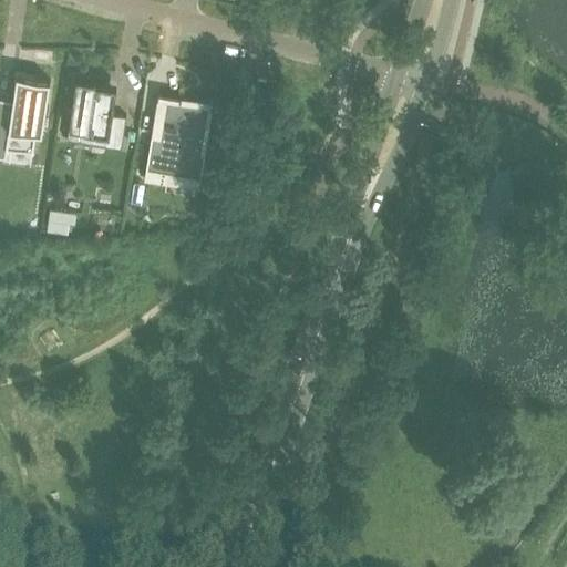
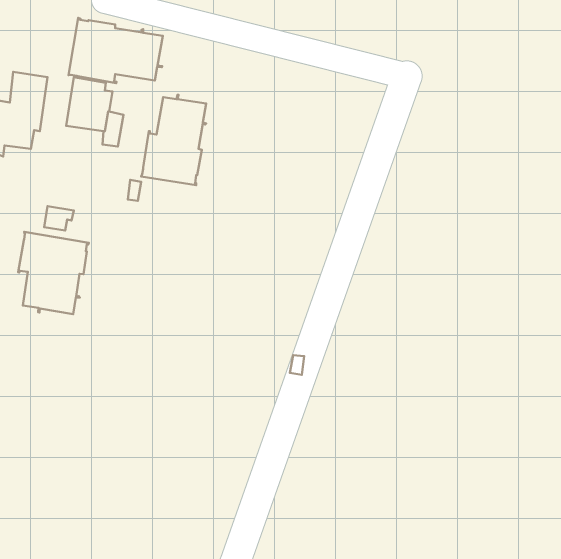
building: none -> [68,18,163,83]
building: none -> [18,232,89,314]

